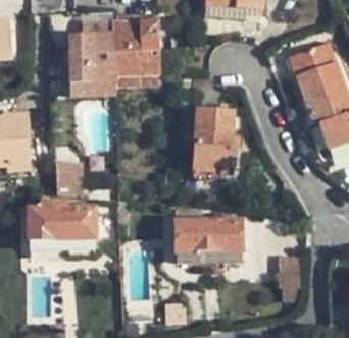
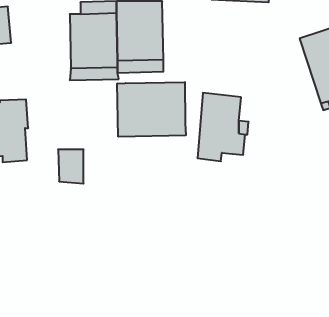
building: none -> [117,82,186,137]
building: [29,200,94,250] -> none
building: [173,218,241,264] -> none

